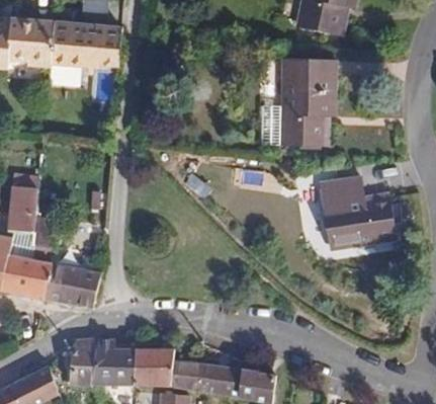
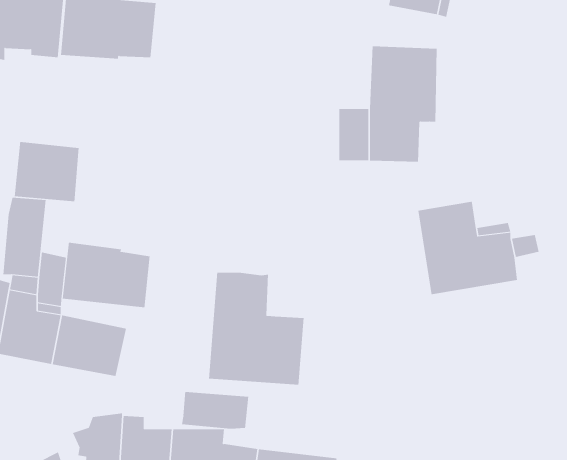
building: none -> [14,141,79,202]
building: none -> [62,242,150,308]
building: none -> [208,272,304,385]
building: none -> [181,391,249,429]

